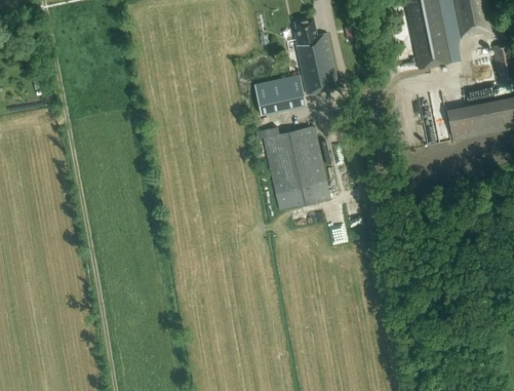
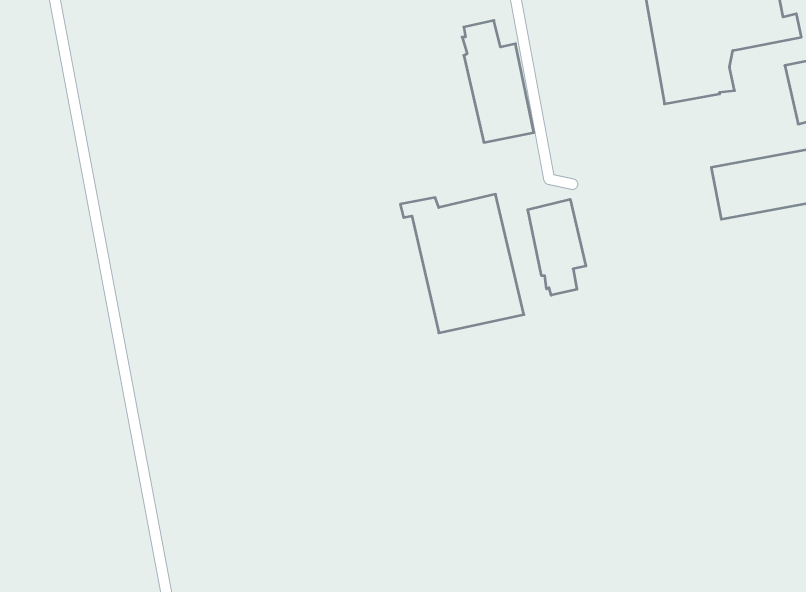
building: [252,74,305,114] -> none
building: none -> [528,199,586,295]

